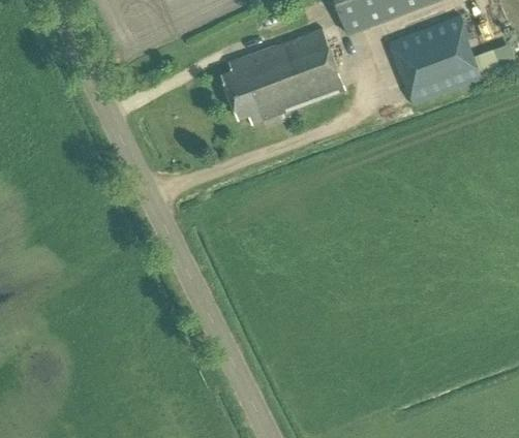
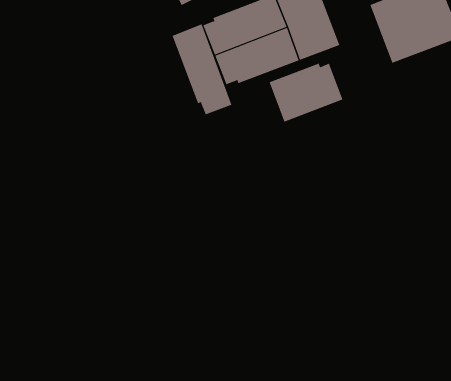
building: none -> [172,23,232,115]
building: none -> [269,63,343,122]

